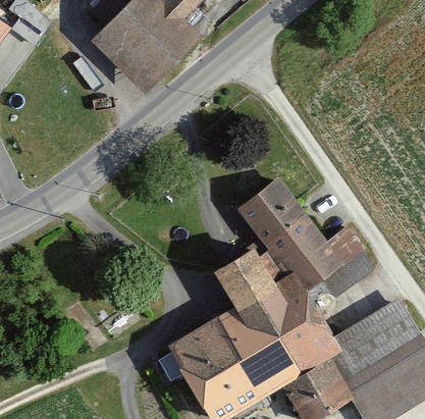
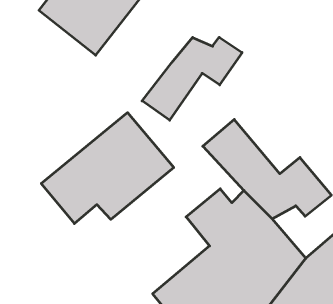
building: none -> [142,37,242,120]
building: none -> [41,113,174,224]

